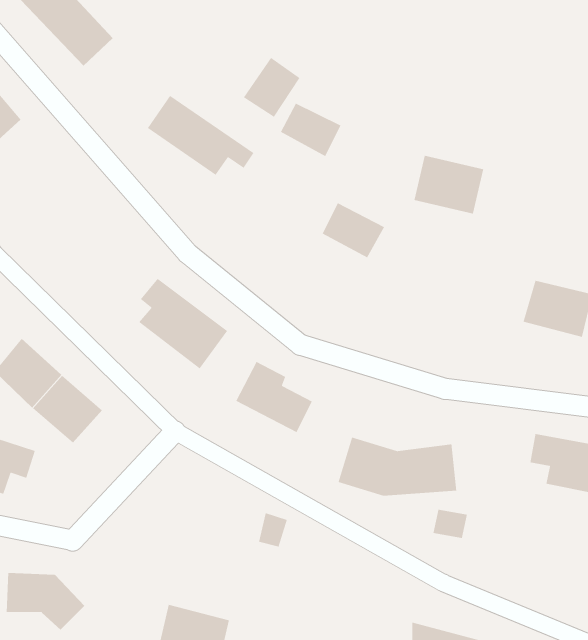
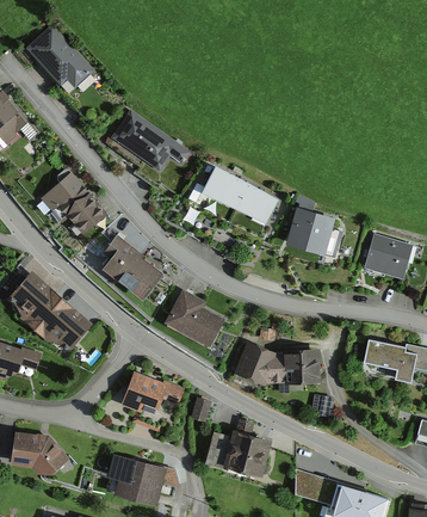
building: [243,57,301,118] -> none
building: [280,102,341,157] -> [198,170,240,207]
building: [414,155,484,215] -> [291,209,339,250]
building: none -> [41,174,106,233]
building: none -> [117,370,177,408]
building: none -> [205,419,273,473]

